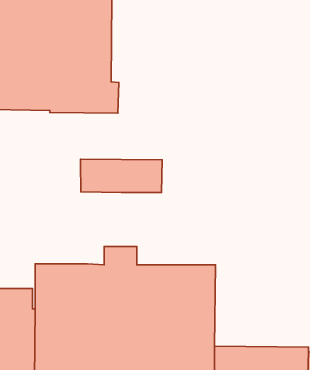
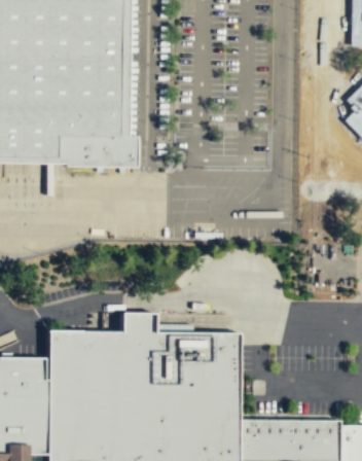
building: [80,159,162,193] -> none

